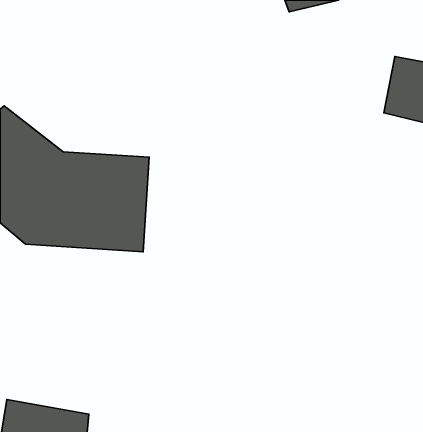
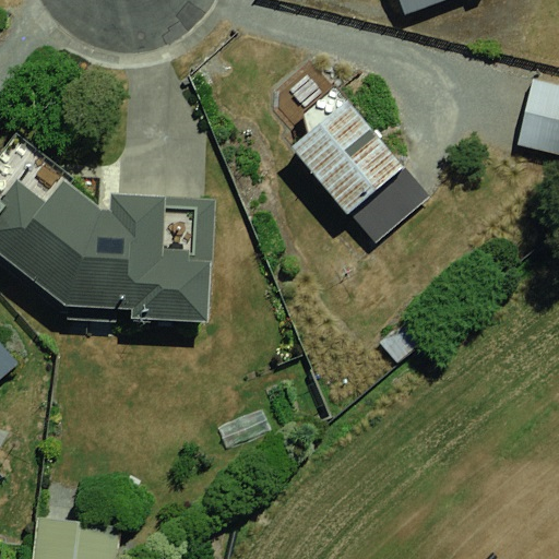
building: none -> [299,102,421,227]

